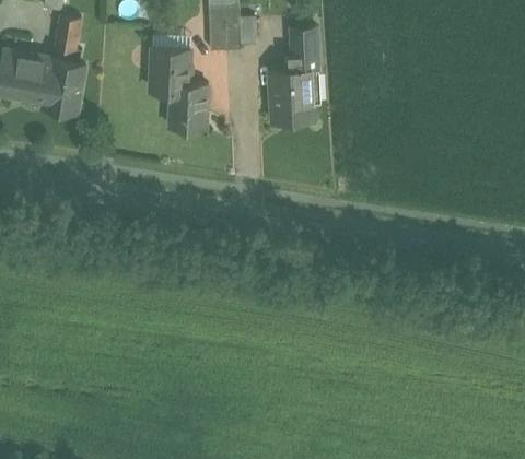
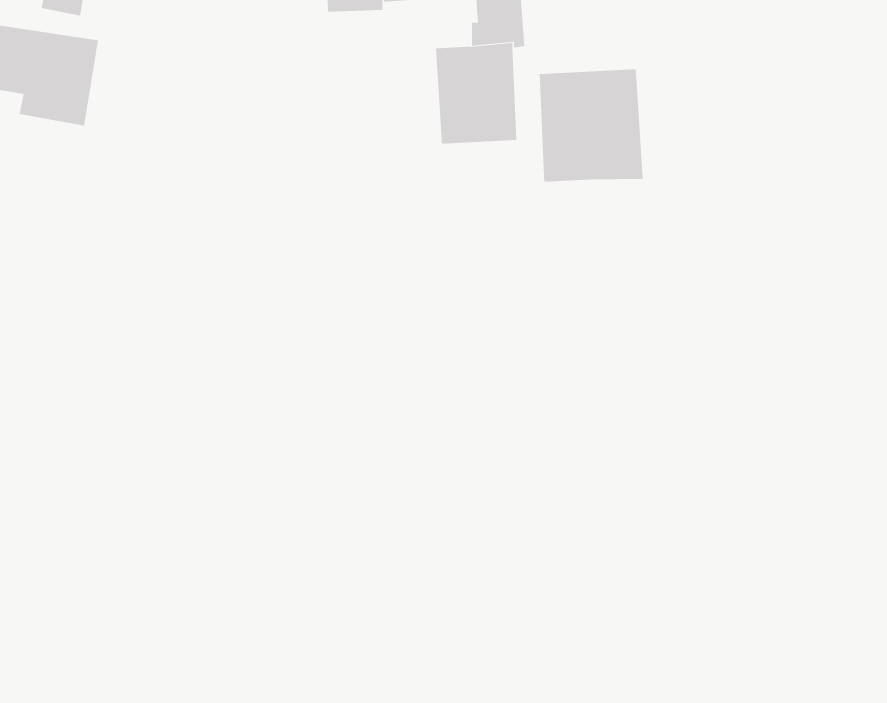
building: [150,48,208,128] -> none
building: none -> [539,68,644,183]

